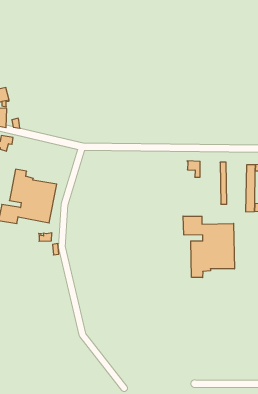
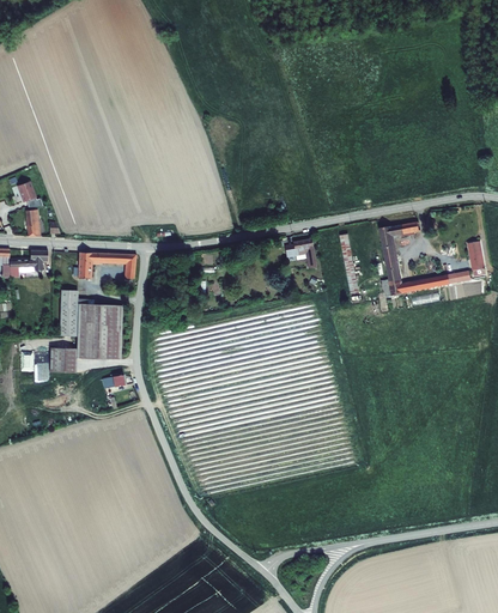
building: none -> [83,253,140,280]
building: [183,216,234,278] -> none

